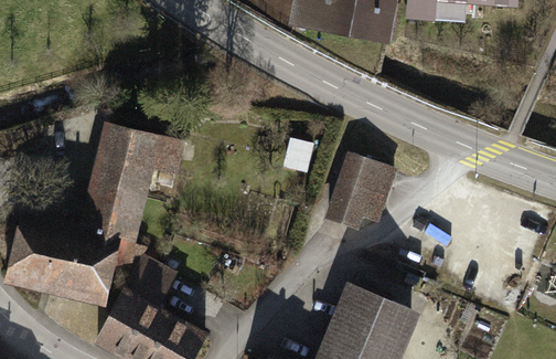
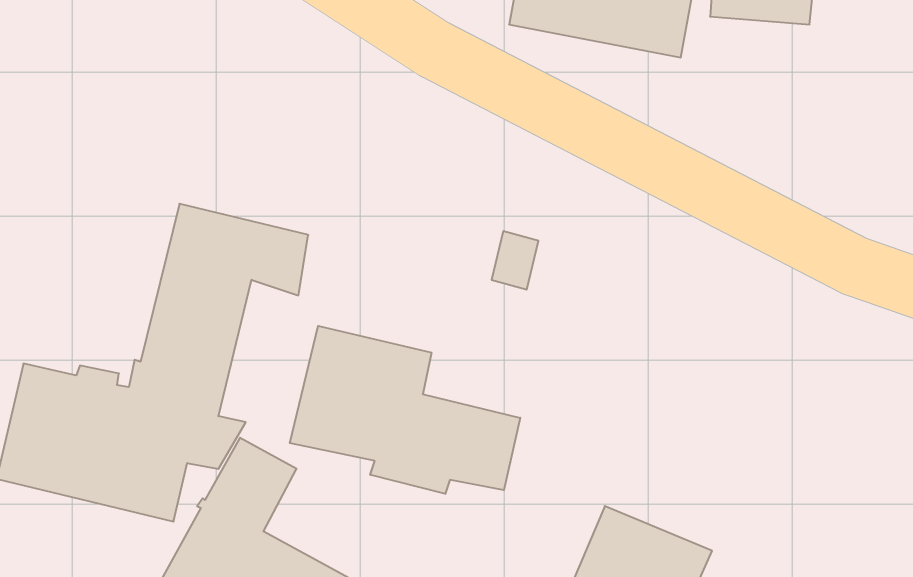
building: [328,155,394,228] -> none
building: none -> [290,326,520,494]

